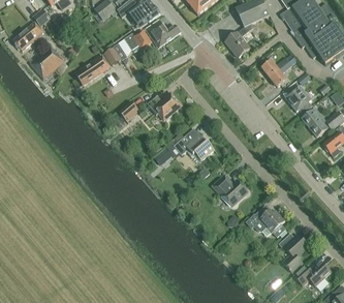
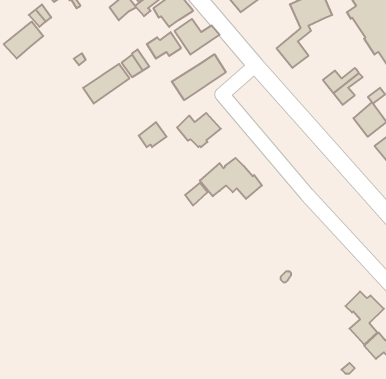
building: [30,44,64,78] -> none
building: none -> [172,54,226,100]
building: [213,175,248,205] -> none
building: [246,205,286,236] -> none

